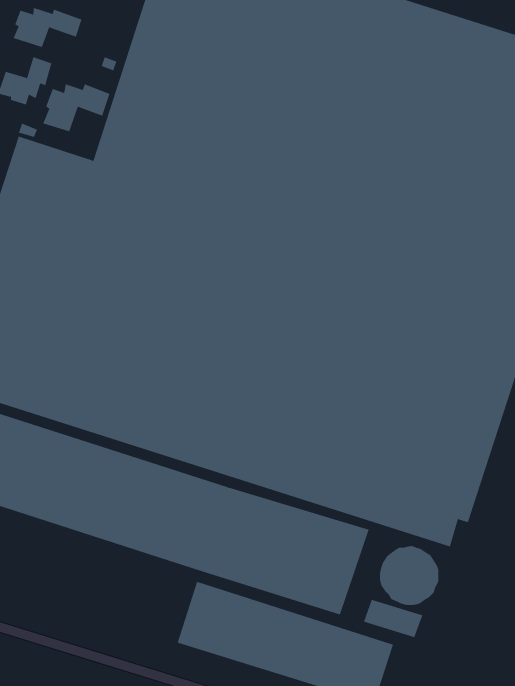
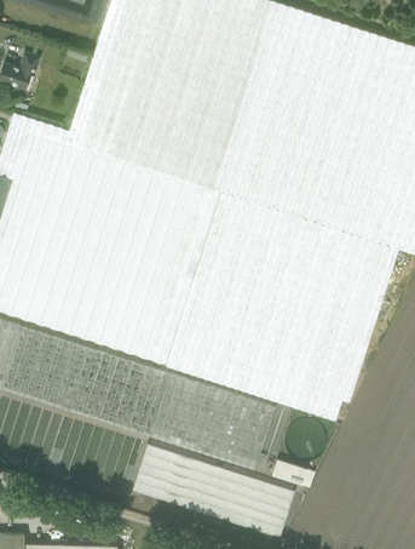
building: [13,7,82,48] -> none
building: [42,84,110,132] -> none

